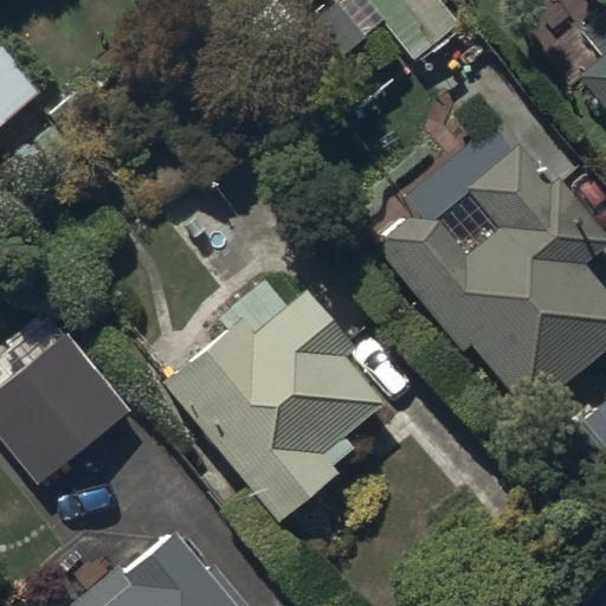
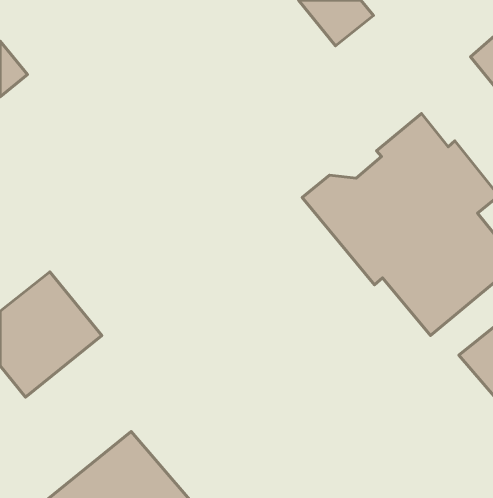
building: [160,288,381,521] -> none

